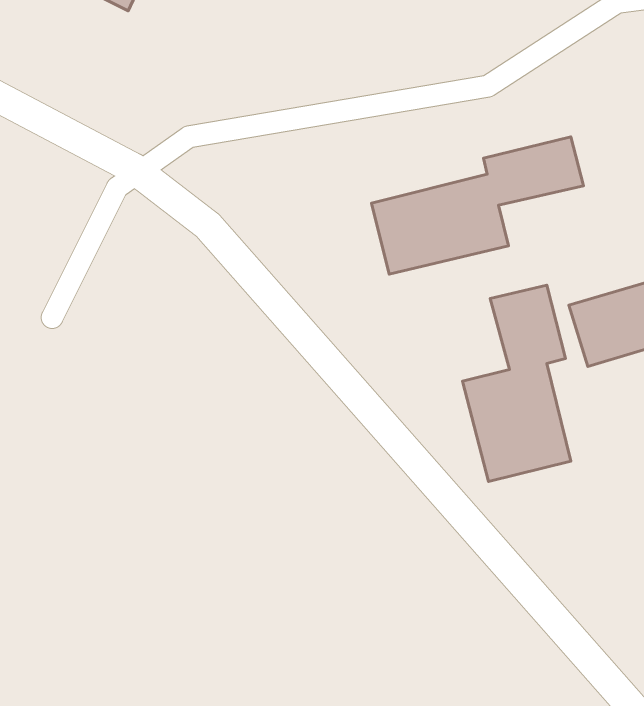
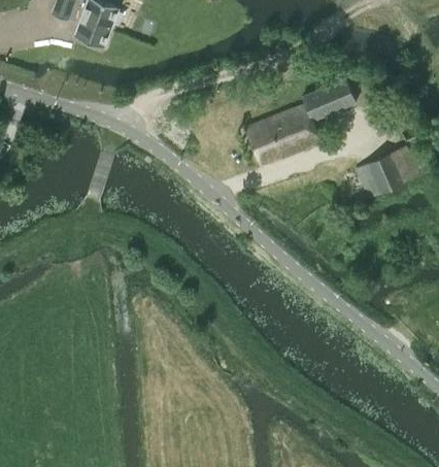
building: [462,285,571,482] -> none

